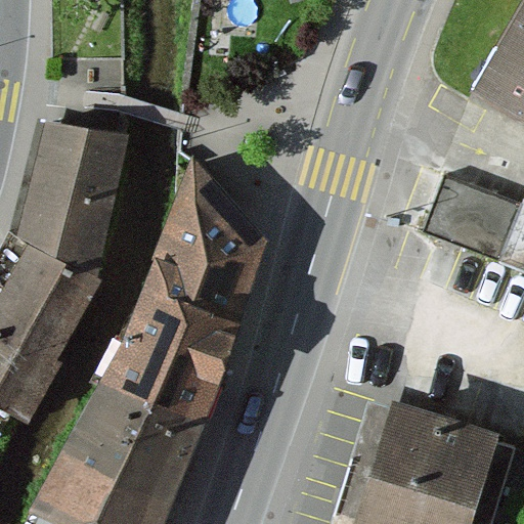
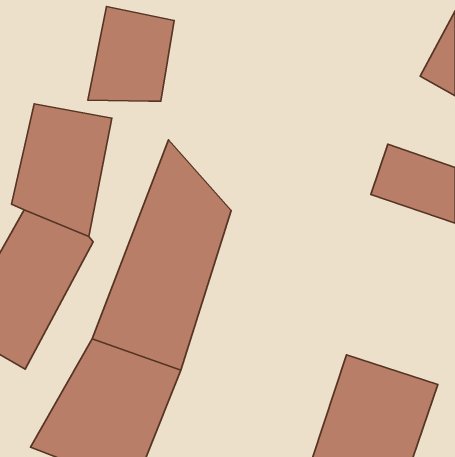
building: none -> [88,6,174,101]

